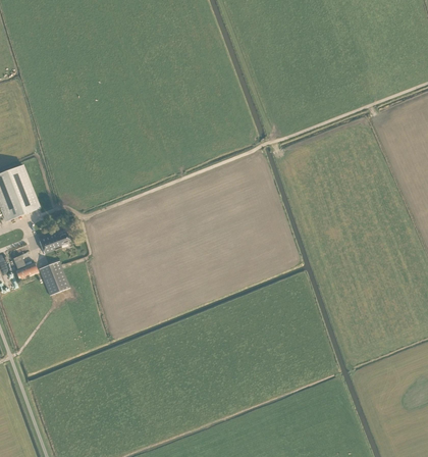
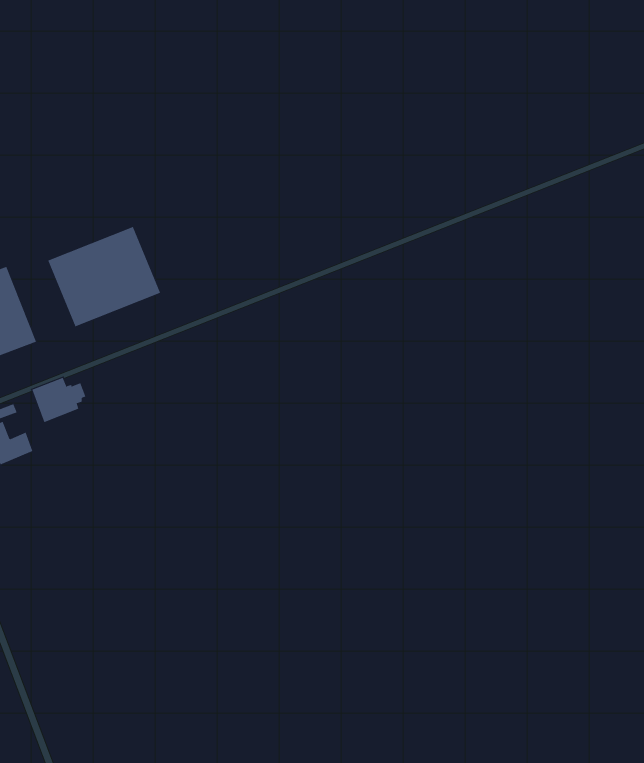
building: none -> [47,226,161,327]
building: [38,259,68,294] -> none

